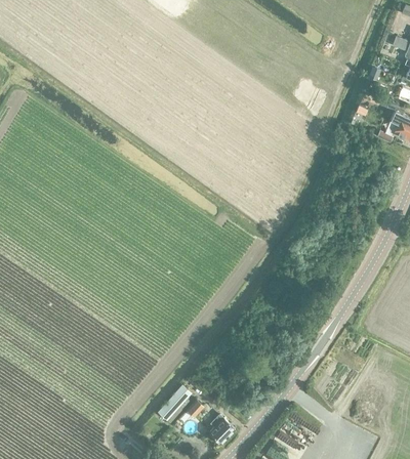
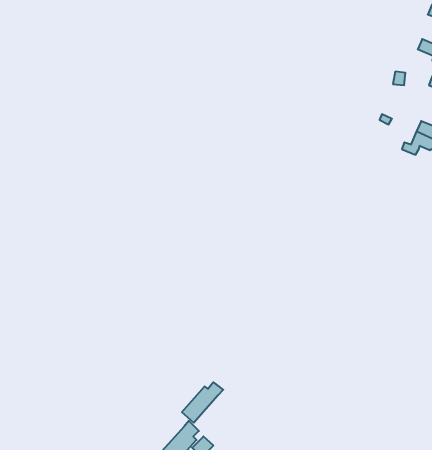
building: none -> [182,382,223,423]

